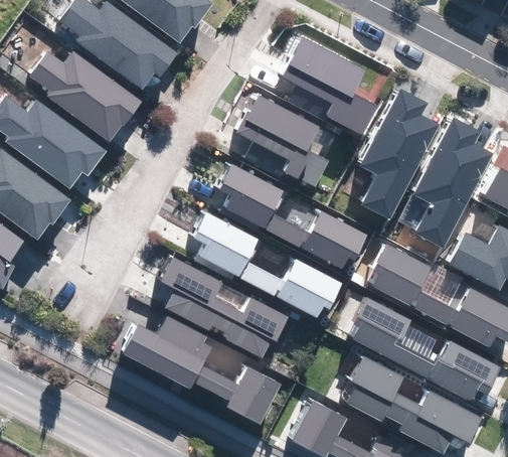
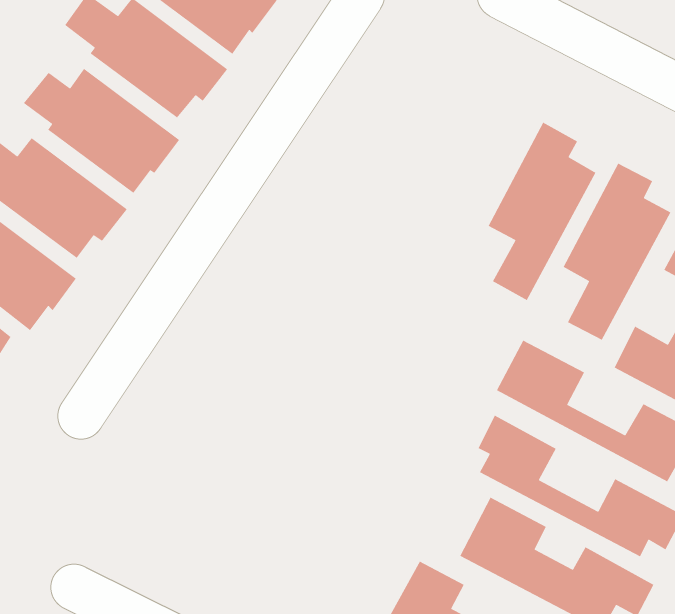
building: [283,37,376,133] -> none
building: [238,96,327,184] -> none
building: [220,163,368,270] -> none
building: [195,211,343,318] -> none
building: [161,259,286,357] -> none
building: [123,316,280,425] -> none

